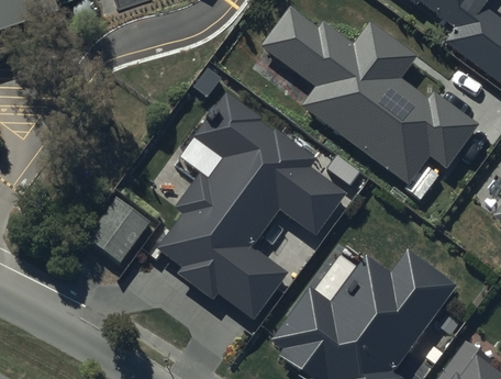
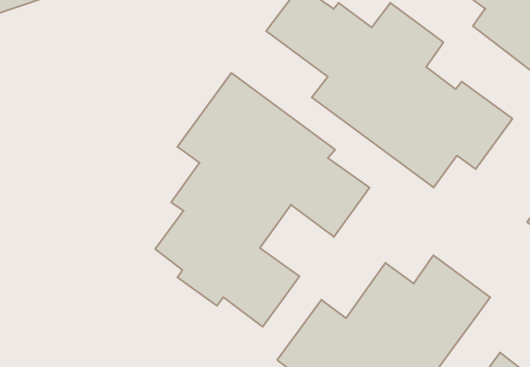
building: [87,199,151,264] -> none

